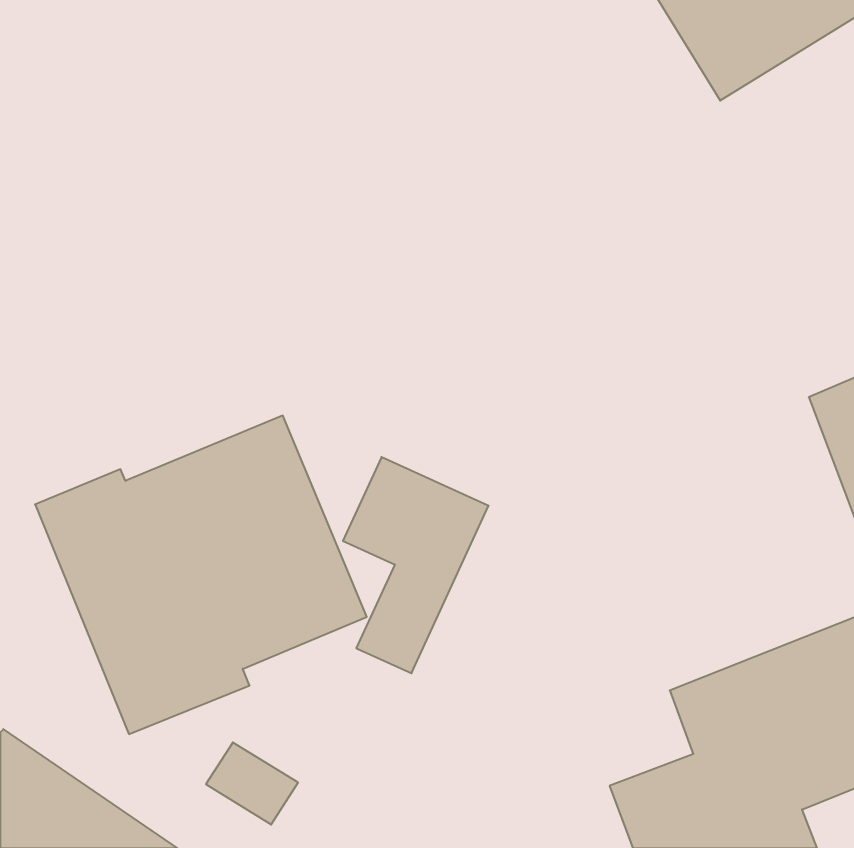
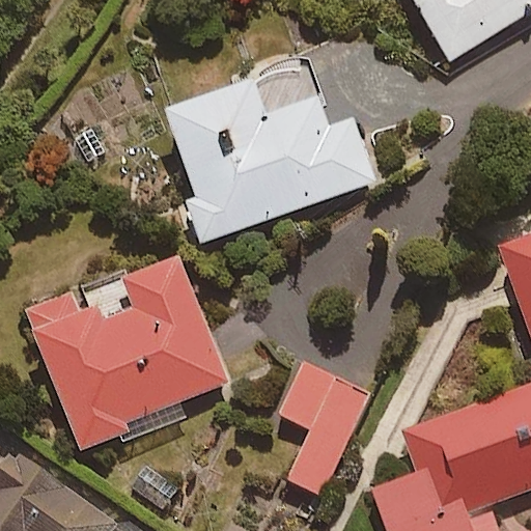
building: none -> [165,65,374,244]
building: [343,457,489,673] -> [279,361,369,495]

